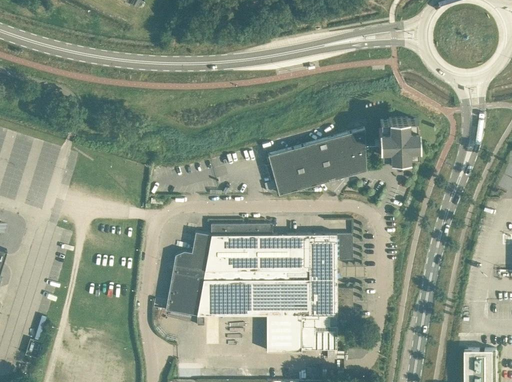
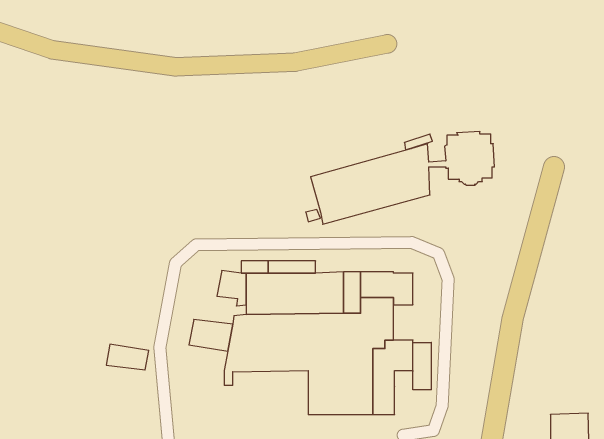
building: [172,252,215,276] -> none
building: none -> [413,342,431,390]
building: [165,293,200,314] -> [106,344,149,370]

